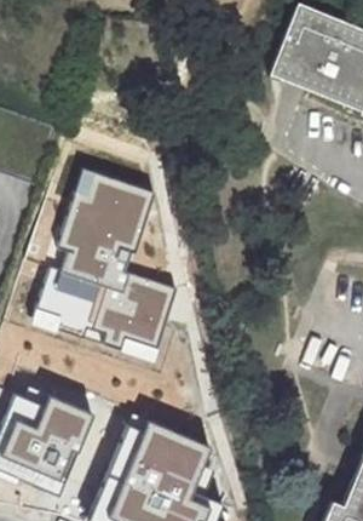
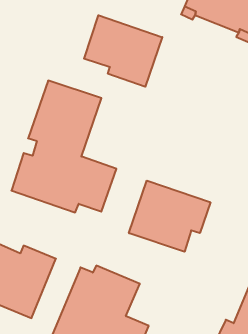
building: none -> [84,15,162,87]
building: none -> [129,181,210,252]

